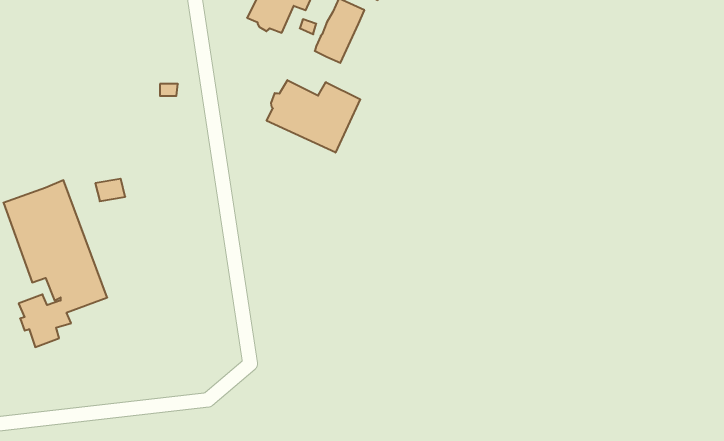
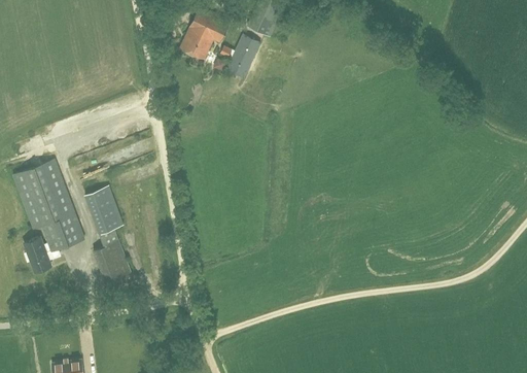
building: [267,80,360,153] -> none
building: none -> [86,185,129,284]

